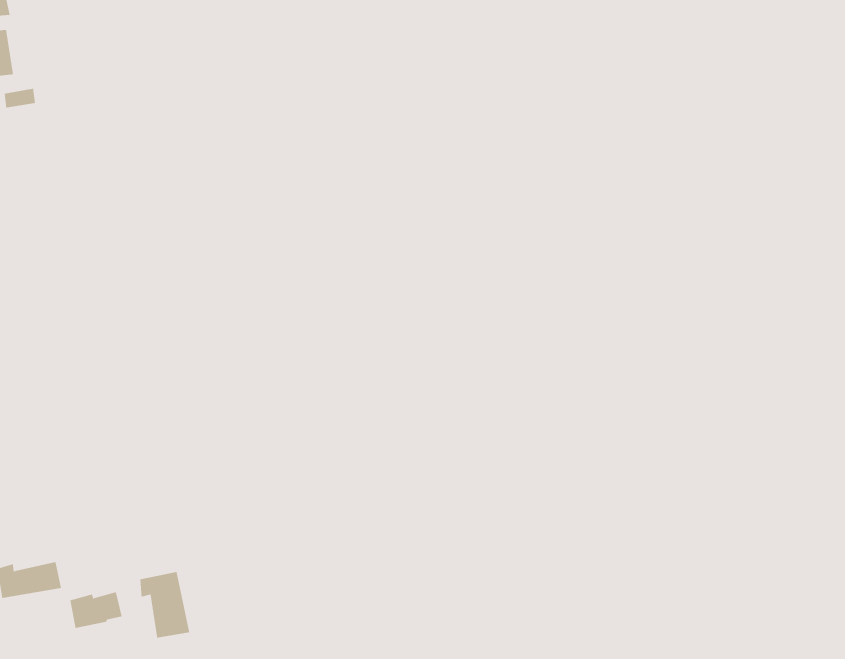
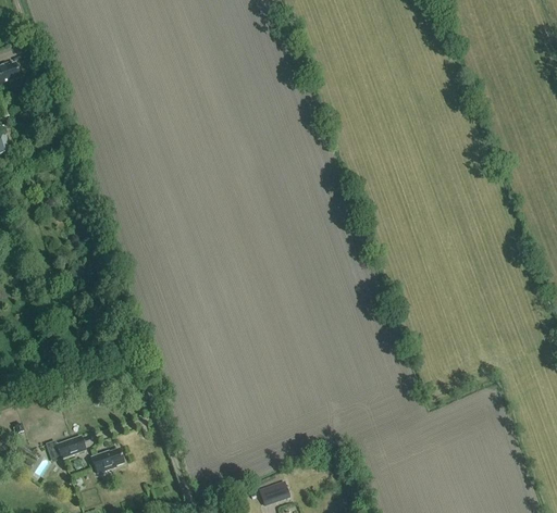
building: [140,571,190,639] -> none

